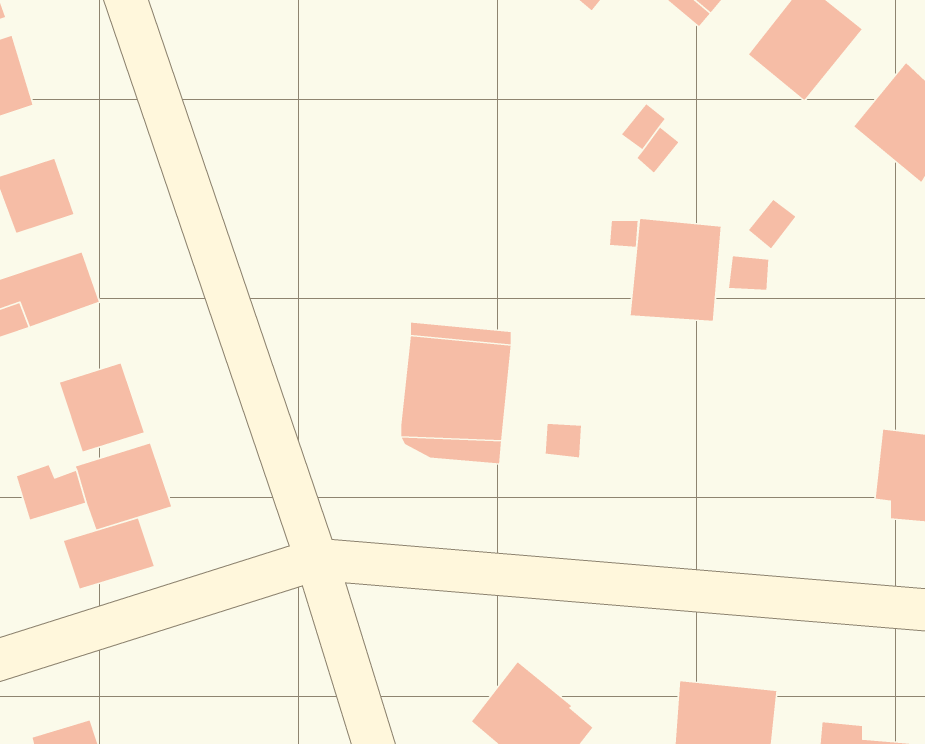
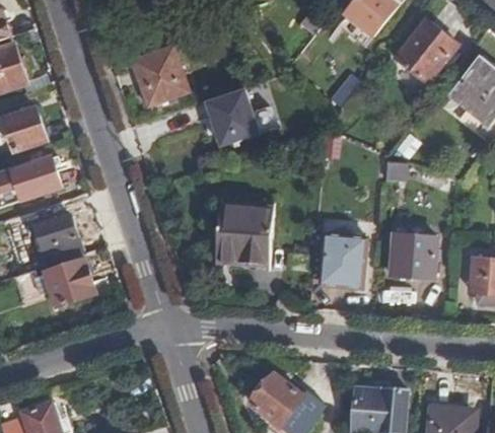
building: none -> [132,47,186,105]
building: none -> [207,86,275,143]
building: [630,218,721,322] -> [323,230,370,284]
building: none -> [391,230,439,277]
building: [63,517,155,590] -> none

